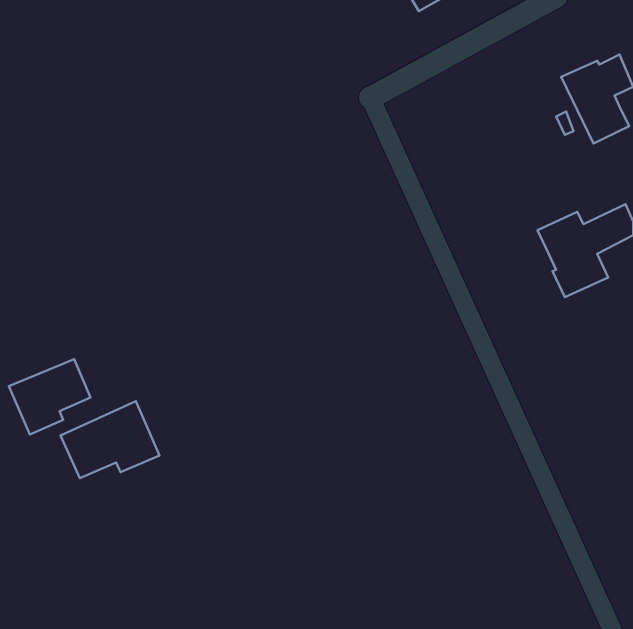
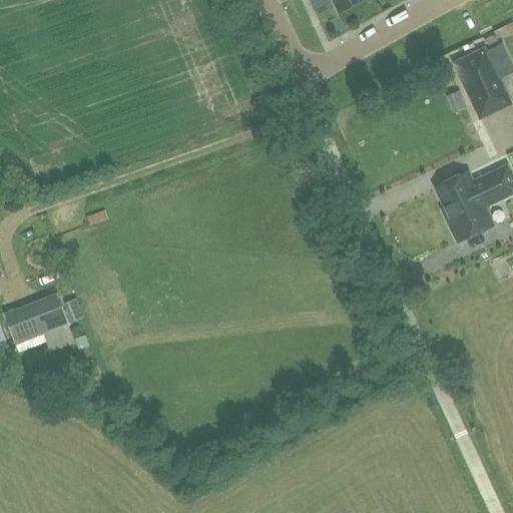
building: [61,401,160,478] -> none

